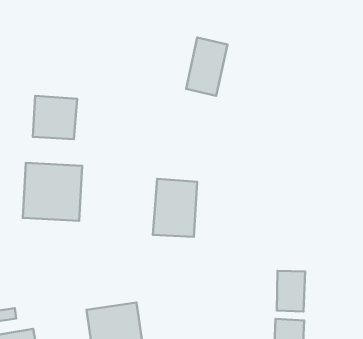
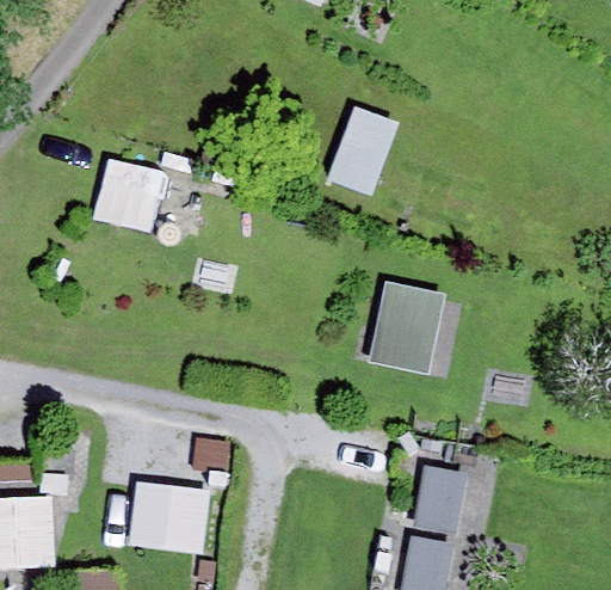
building: [23,163,82,221] -> none
building: [153,179,197,237] -> [369,281,445,374]

